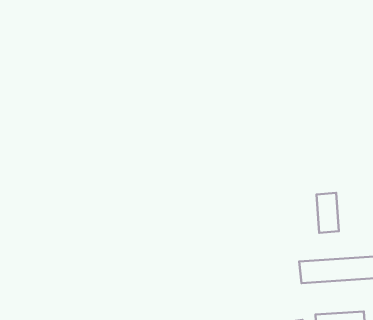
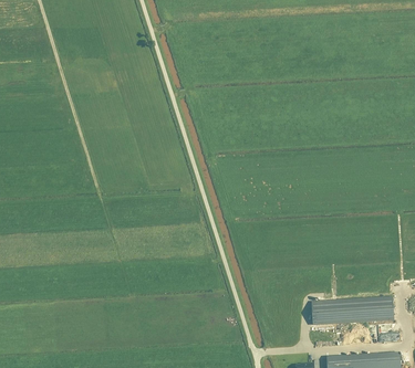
building: [317,193,339,233] -> none

